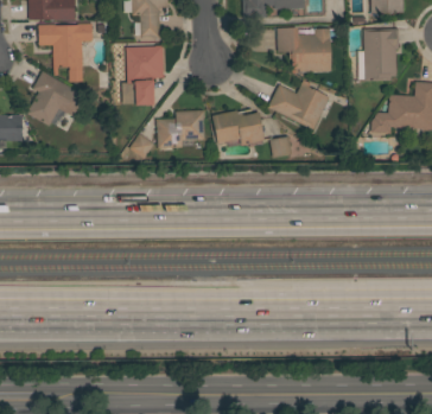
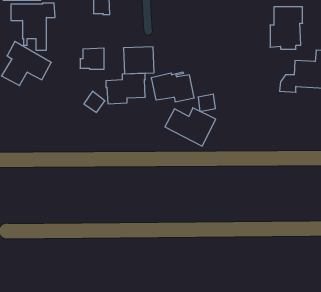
building: [277,27,337,74] -> none
building: [126,46,164,79] -> [123,47,154,74]
building: [267,83,330,130] -> [165,108,216,146]

